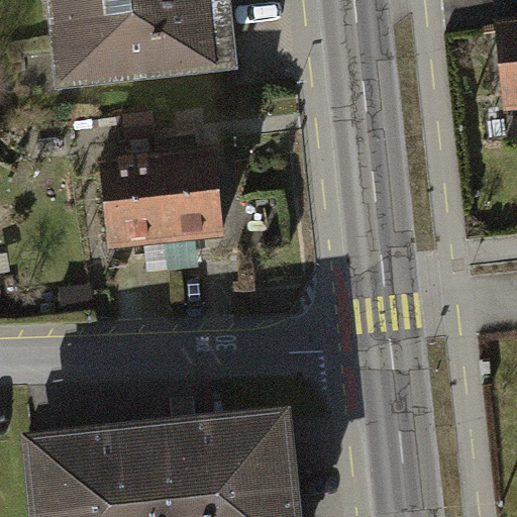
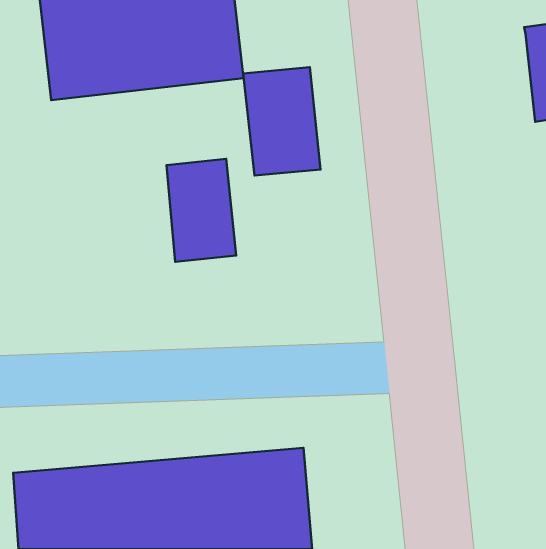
building: none -> [243,67,320,176]
building: [107,153,172,248] -> none

